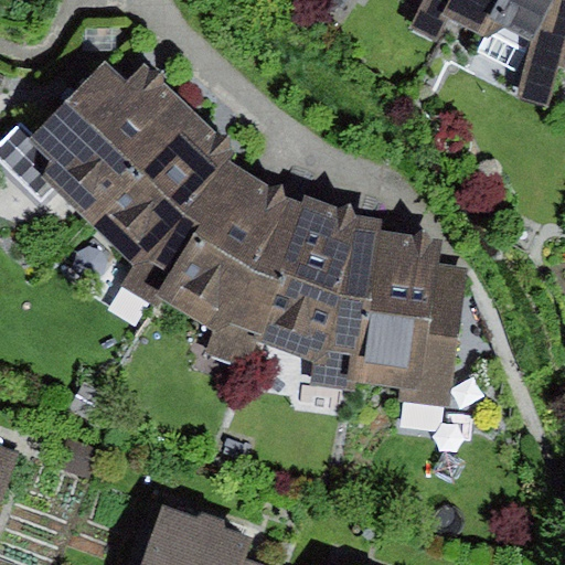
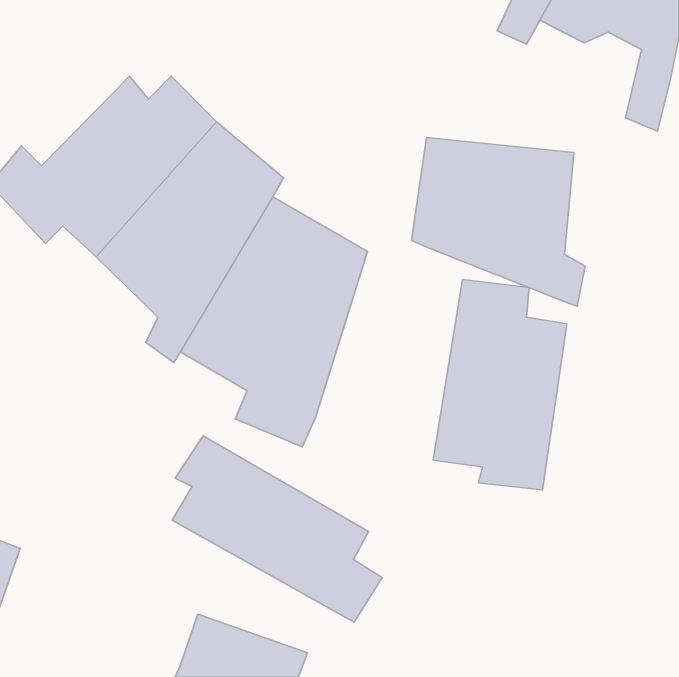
building: none -> [411,137,585,306]
building: [260,196,383,386] -> none
building: none -> [172,436,382,622]

